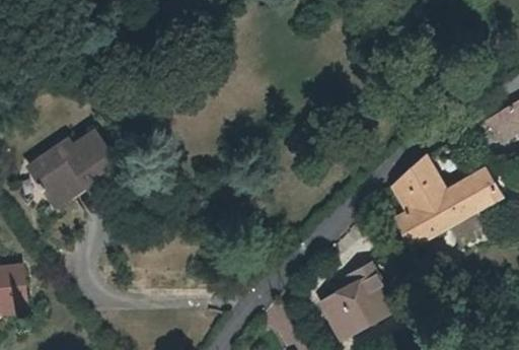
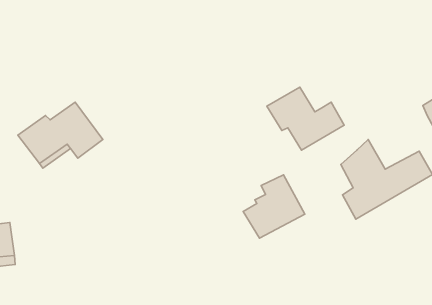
building: none -> [267,87,344,150]
building: [323,267,393,339] -> [243,175,305,238]

